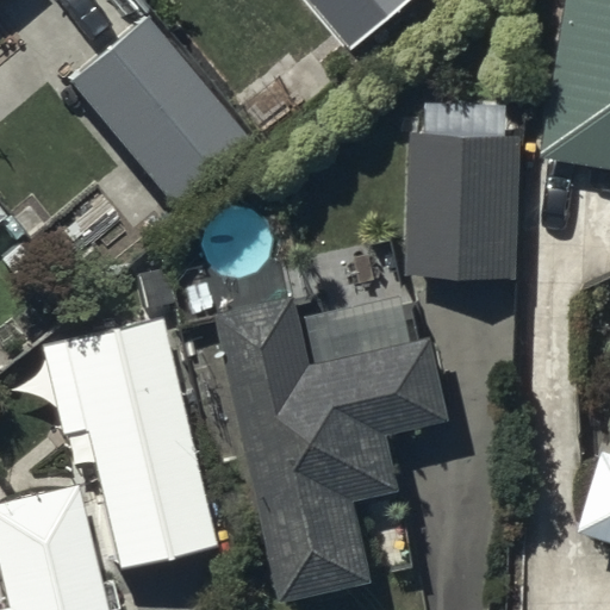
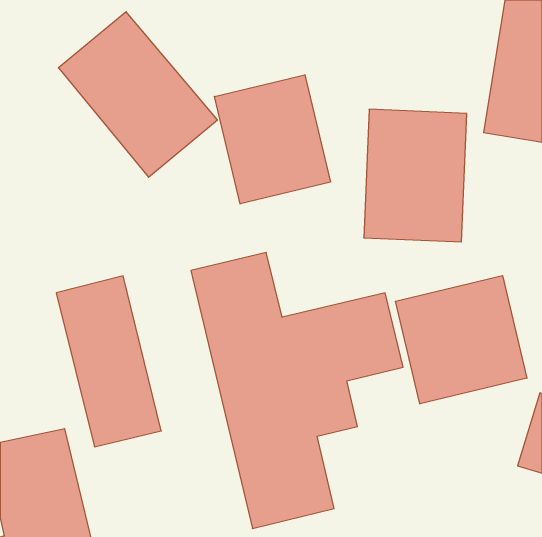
building: none -> [214,75,330,204]
building: none -> [395,276,527,404]

